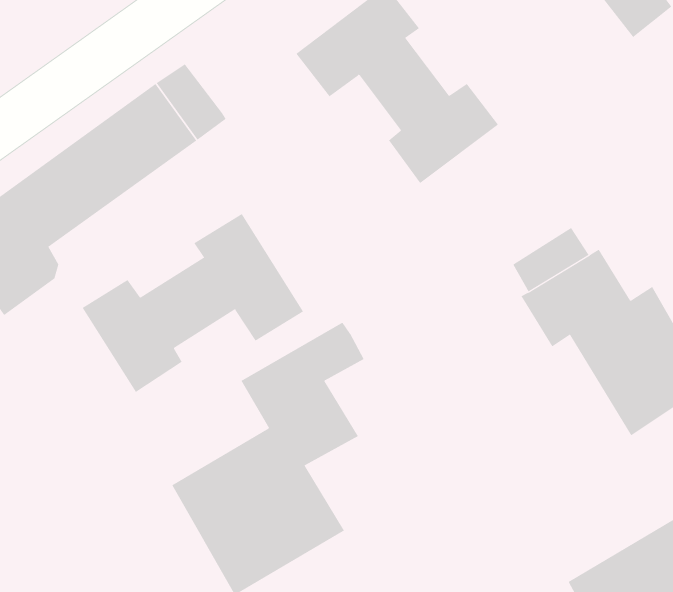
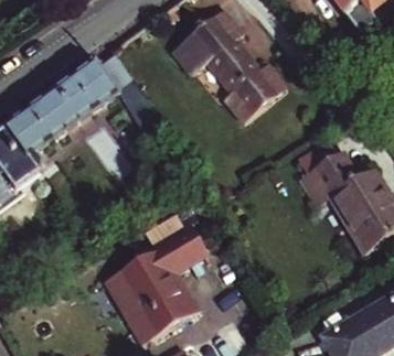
building: [82,213,304,393] -> none

